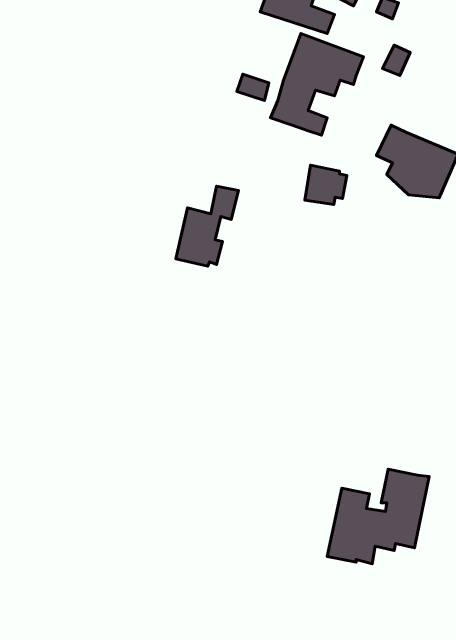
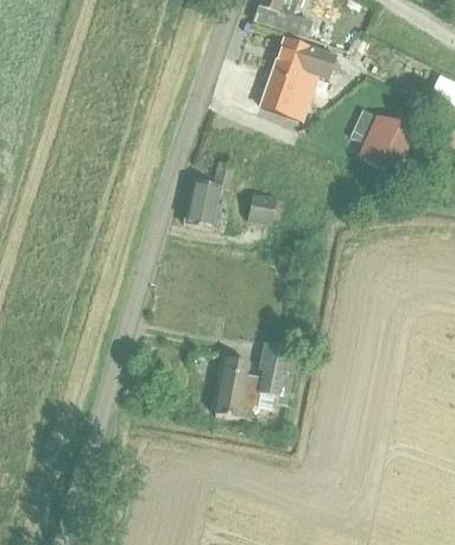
building: [305,165,347,204] -> [247,190,282,222]
building: [327,469,429,564] -> [214,341,297,418]

